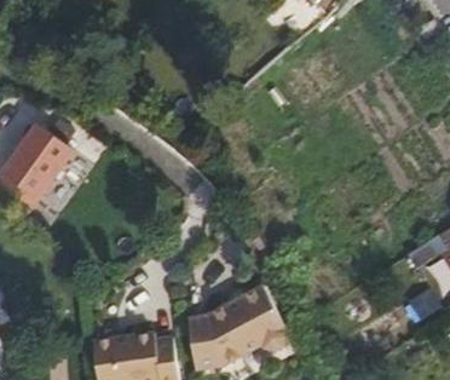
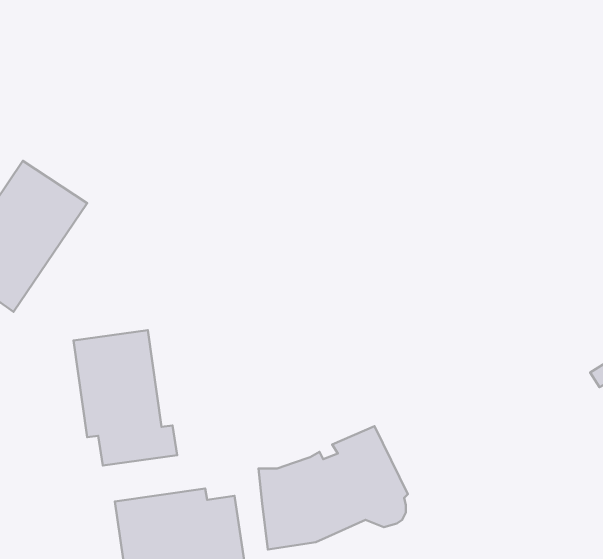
building: none -> [73,330,177,465]

